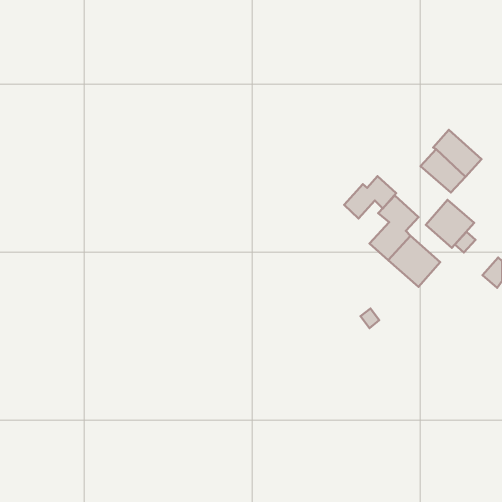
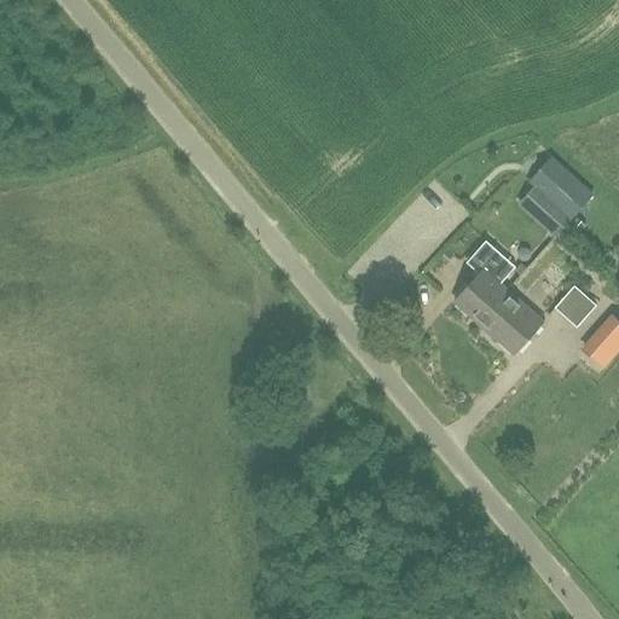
building: [344,176,396,218] -> none
building: [426,200,474,248] -> none

